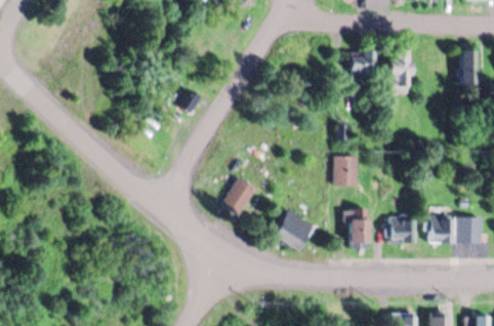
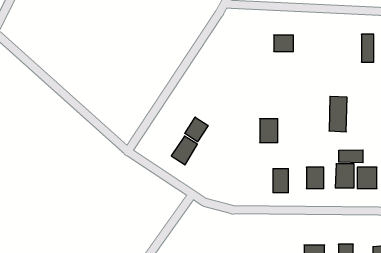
building: [388,49,411,93] -> [329,96,347,132]
building: none -> [185,117,208,142]
building: none -> [339,150,363,163]
building: [273,210,314,251] -> none

